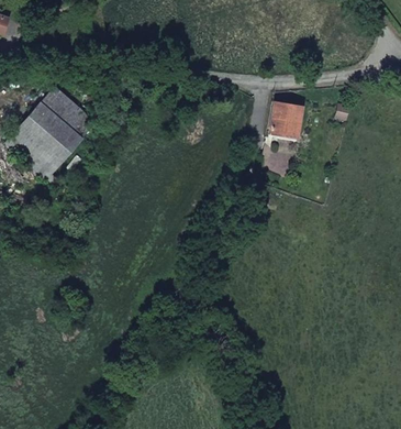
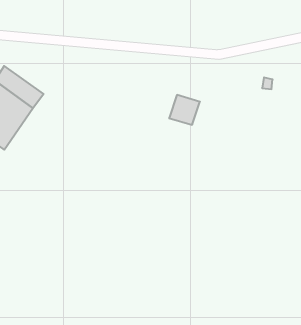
building: [278,100,313,134] -> [169,95,200,125]

